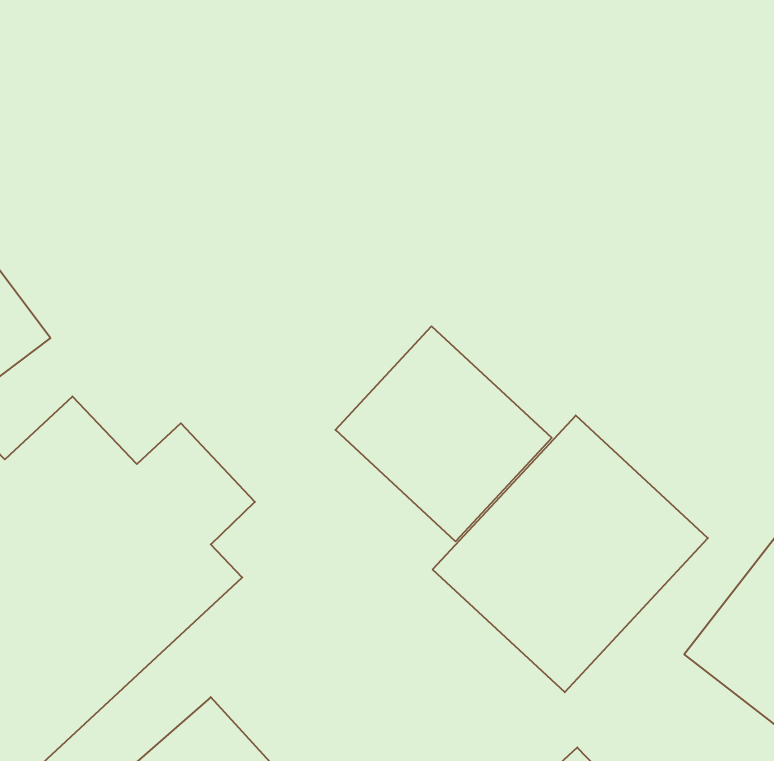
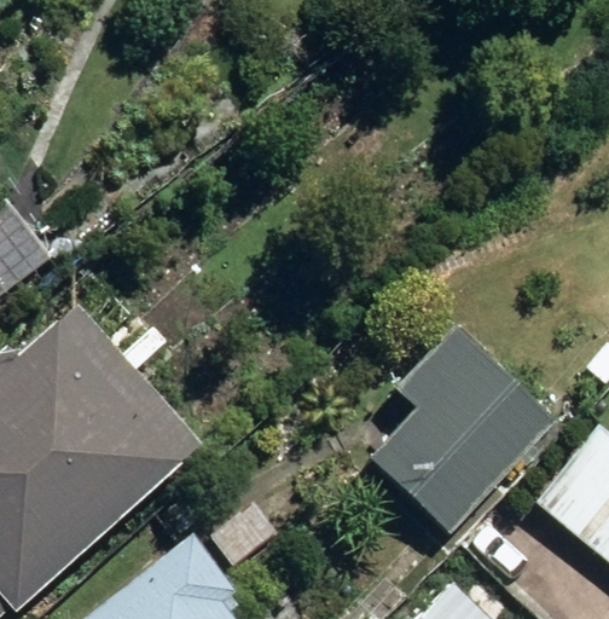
building: [335,326,552,541] -> none

